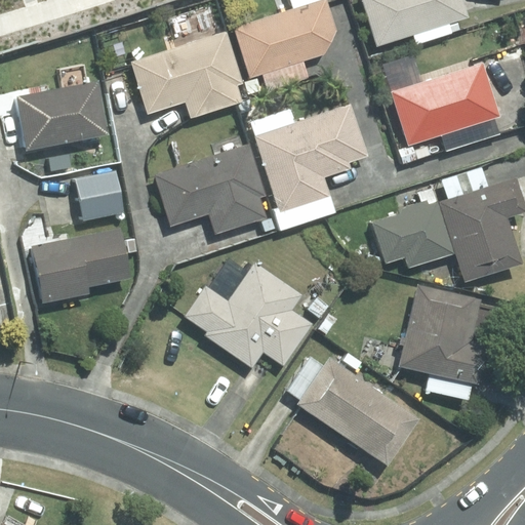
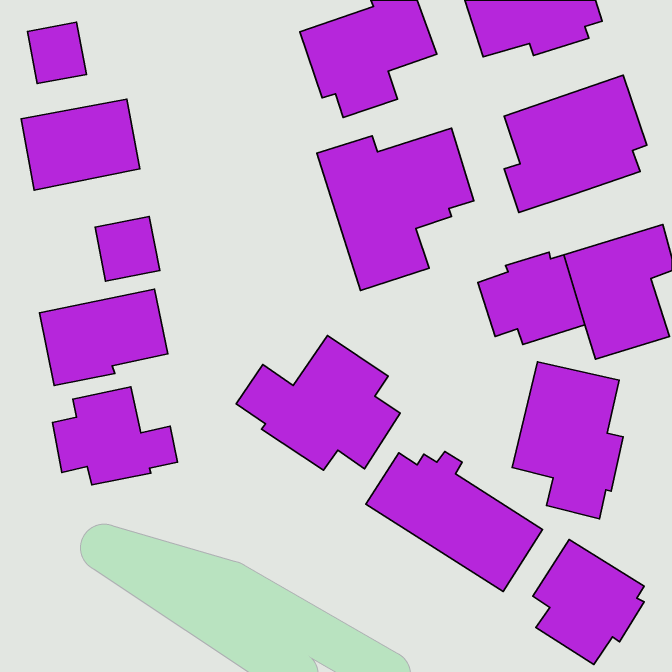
building: none -> [27,22,86,84]
building: [130,30,242,118] -> none
building: [153,144,267,234] -> none
building: none -> [52,387,177,485]
building: none -> [533,540,644,664]

